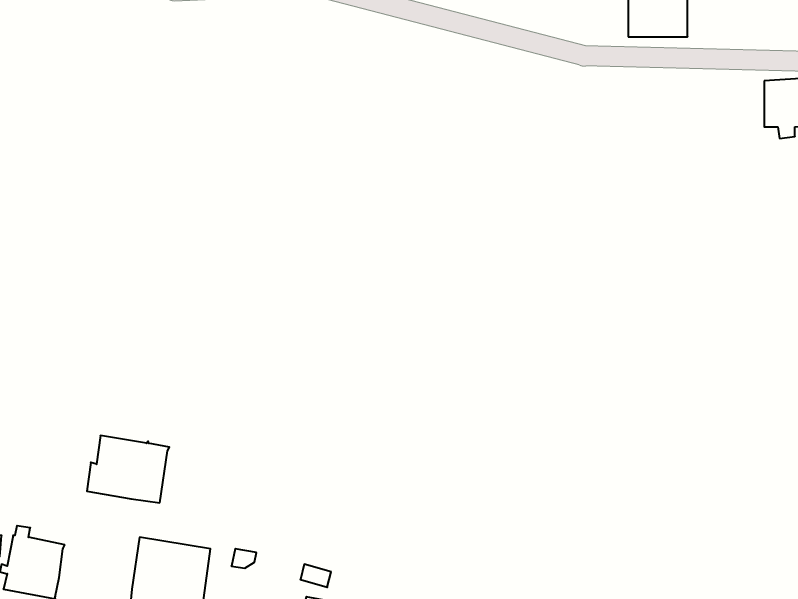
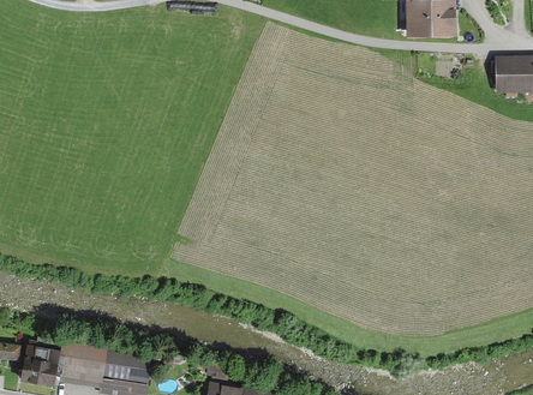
building: [87,436,169,503] -> [53,337,104,379]

